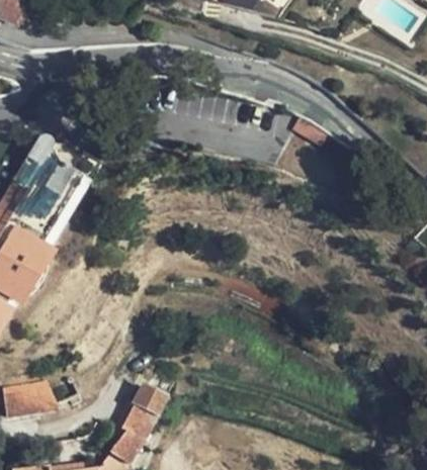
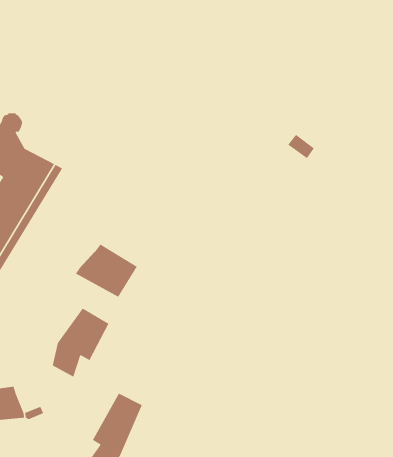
building: none -> [75,244,138,298]
building: none -> [52,307,109,378]

